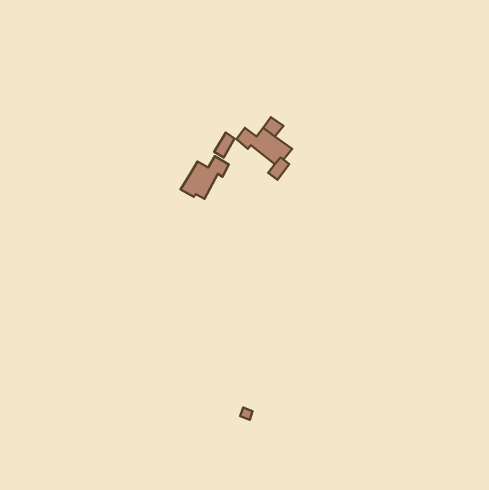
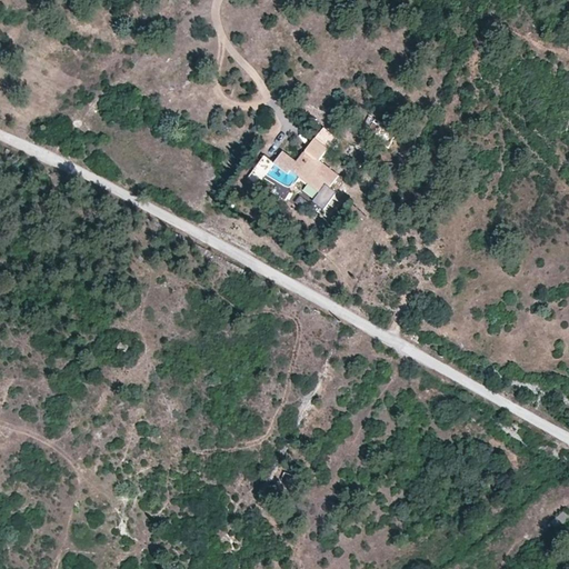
building: [180,156,229,199] -> none

